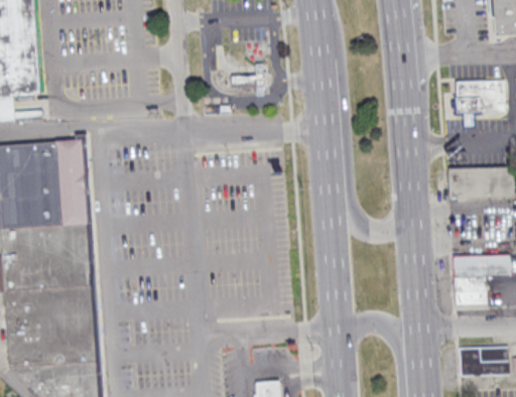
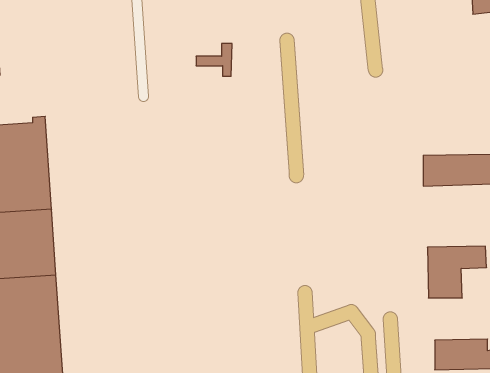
building: [449,82,503,128] -> none

